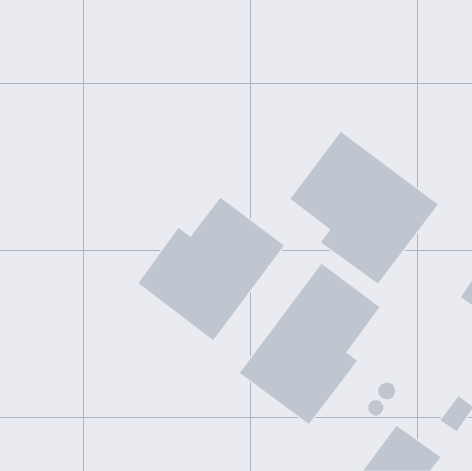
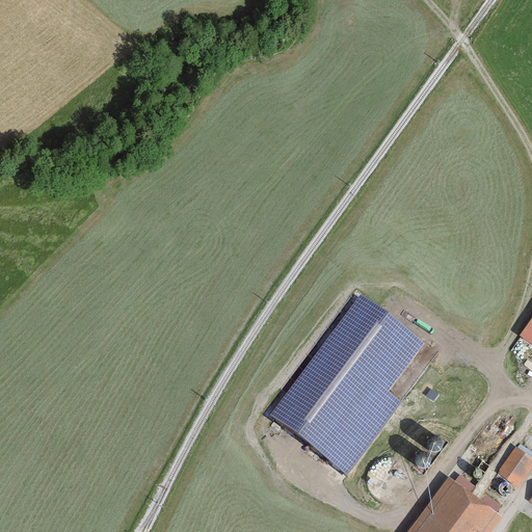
building: [290,131,439,285] -> none
building: [137,197,285,341] -> none

